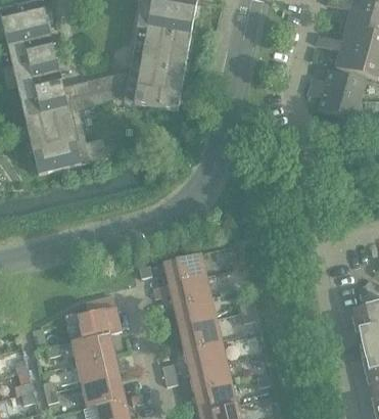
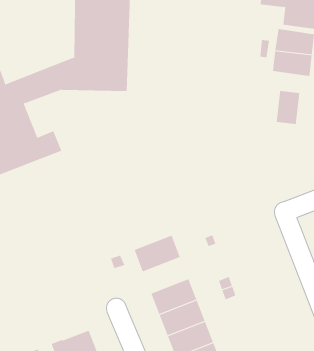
building: none -> [276,90,300,125]
building: [152,277,211,308] -> none
building: [78,297,122,340] -> none

